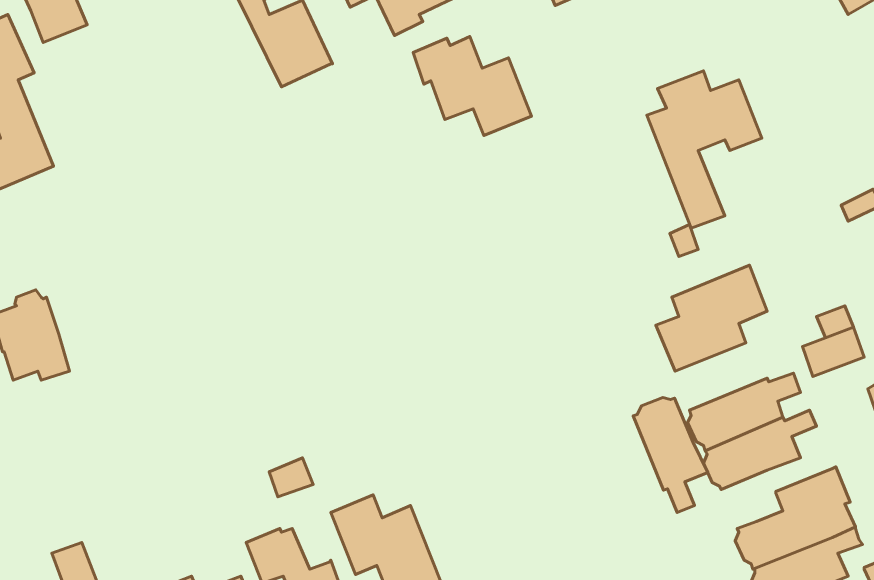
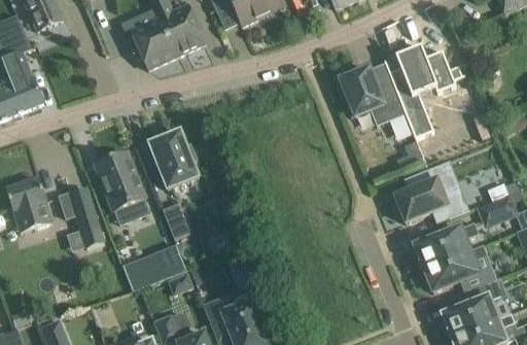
building: none -> [131,19,175,69]
building: [413,37,531,135] -> [336,67,405,125]
building: none -> [150,131,199,188]
building: none -> [96,151,149,217]
building: none -> [59,186,104,247]
building: none -> [164,203,190,238]
building: [633,398,708,512] -> none
building: none -> [122,243,186,289]

